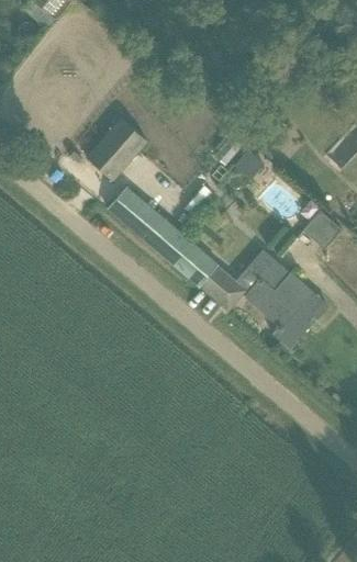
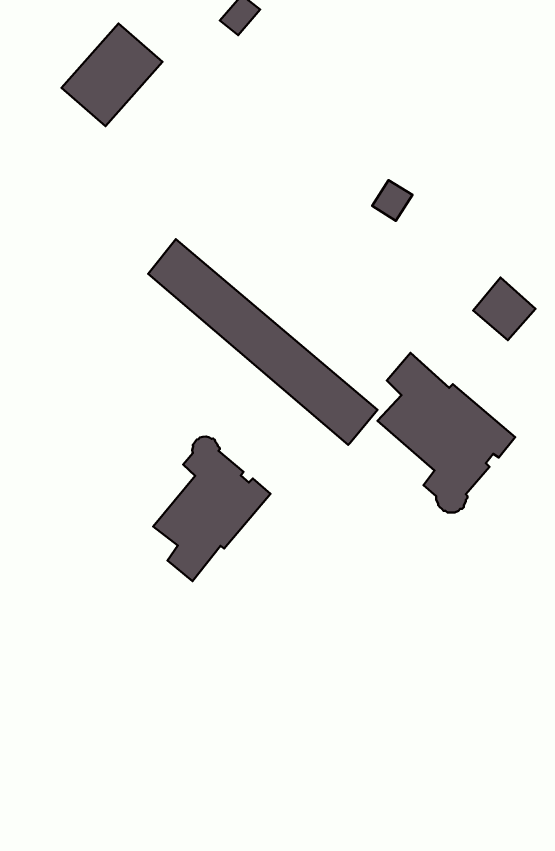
building: [85,116,145,178] -> [62,23,162,126]
building: none -> [153,436,270,581]

